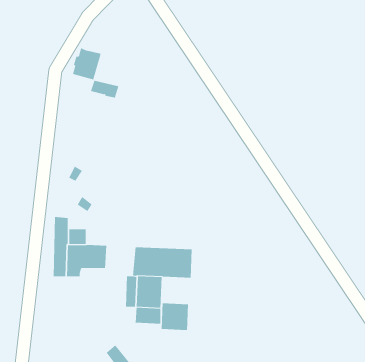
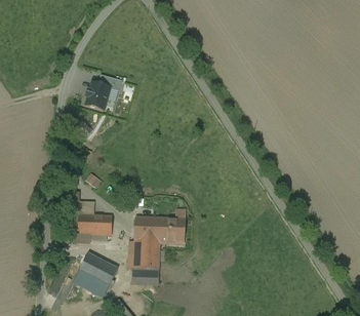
building: [72,48,101,80] -> [86,82,111,110]
building: none -> [75,253,118,297]
building: [161,303,189,331] -> none

